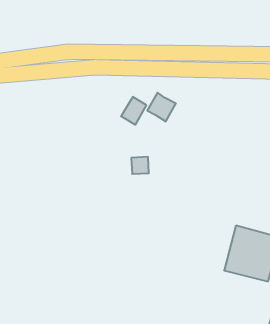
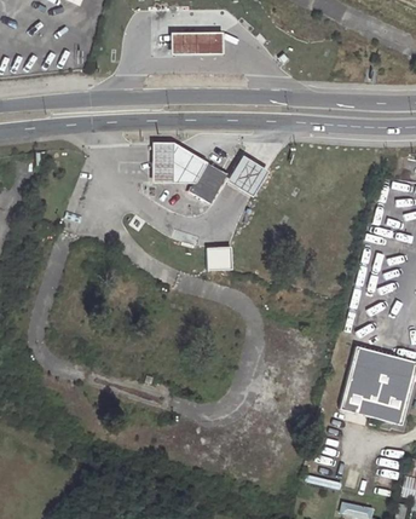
building: none -> [171,30,221,53]
building: none -> [152,143,208,180]

